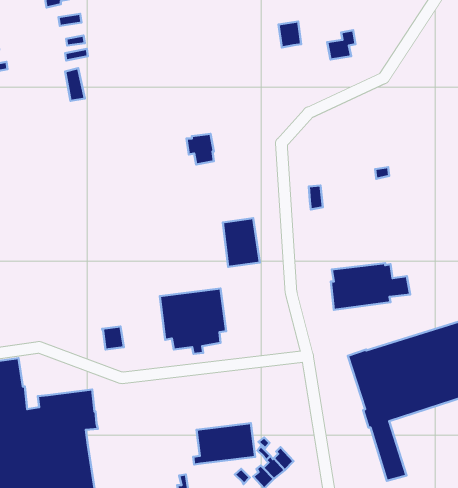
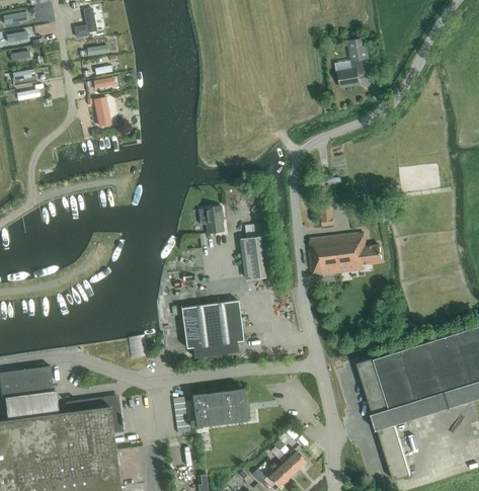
building: [278,21,301,47] -> [347,37,369,62]
building: [187,134,214,164] -> [198,206,224,234]
building: [331,263,410,310] -> [308,233,382,276]
building: [193,423,255,464] -> [189,389,247,427]

